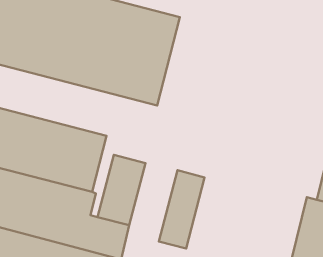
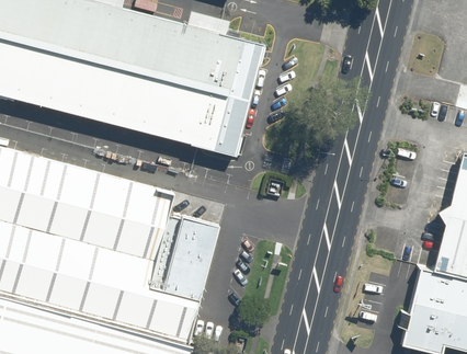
building: [159,170,205,249] -> none

